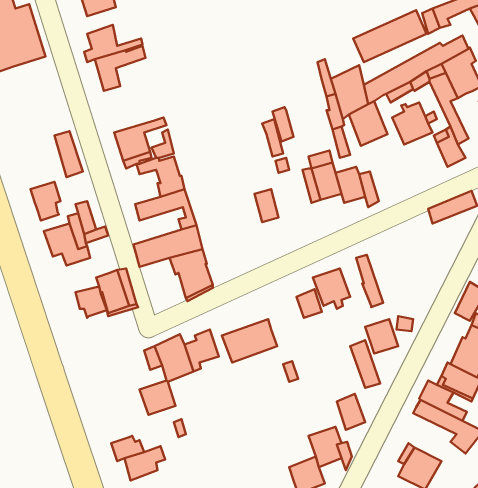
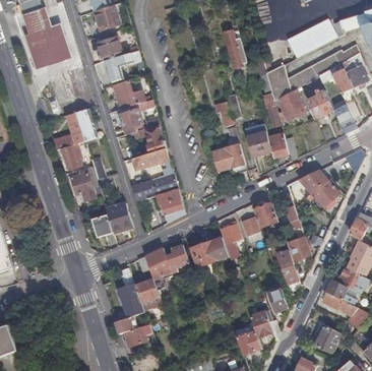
building: none -> [223,29,246,68]
building: none -> [112,80,144,110]
building: none -> [53,112,84,149]
building: none -> [224,144,246,172]
building: none -> [298,170,338,209]
building: none -> [220,219,240,259]
building: none -> [118,286,143,317]

